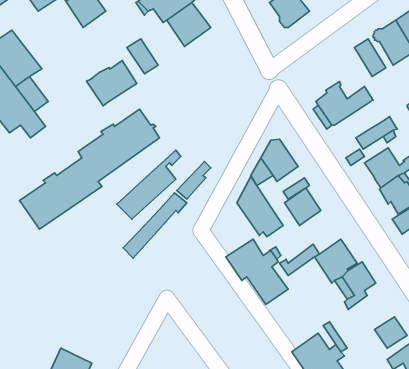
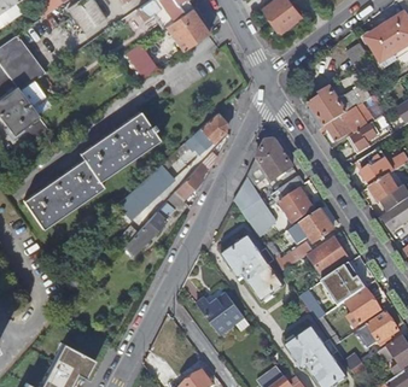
building: [87,61,137,106] -> none
building: none -> [327,102,375,142]
building: none -> [185,112,226,153]
building: none -> [288,209,334,242]
building: none -> [345,287,380,323]
building: none -> [199,295,246,338]

